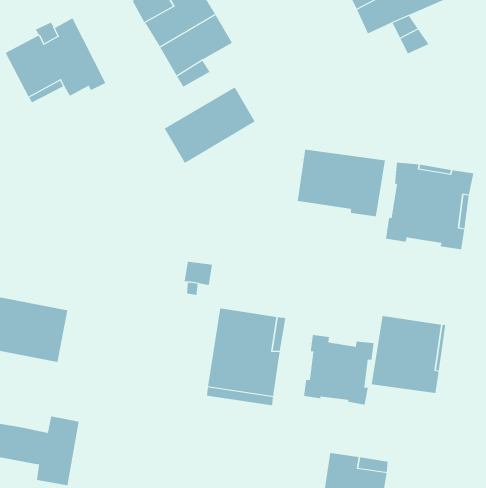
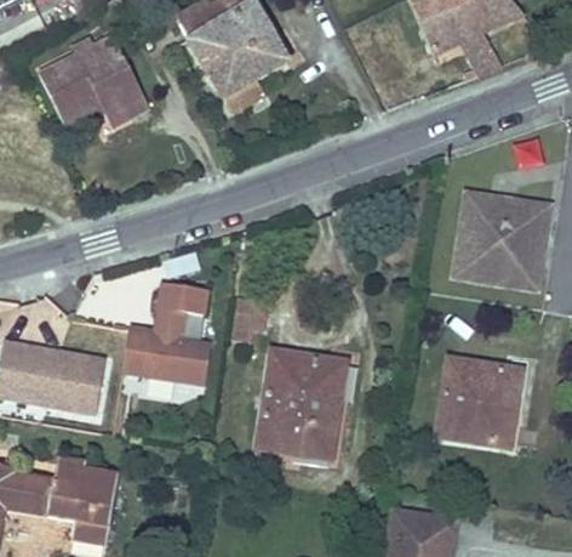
building: [164,86,256,164] -> none
building: [297,149,386,217] -> none
building: none -> [125,279,212,382]
building: [303,334,374,406] -> none

